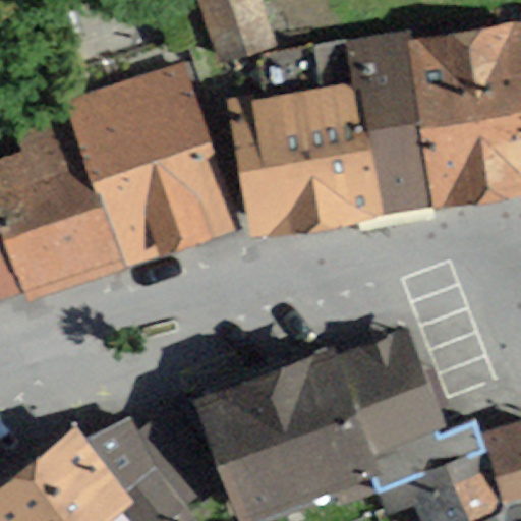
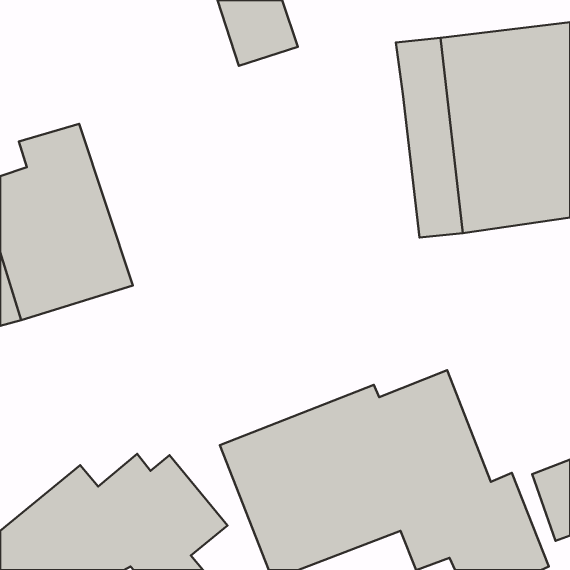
building: [68,65,232,260] -> none
building: [235,85,383,235] -> none

